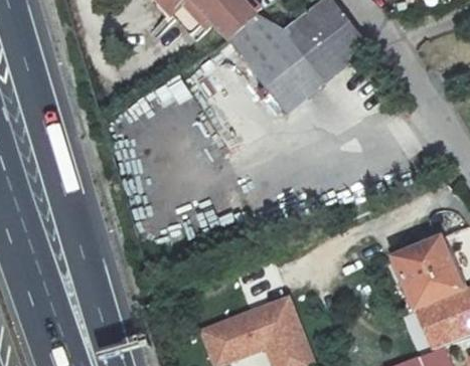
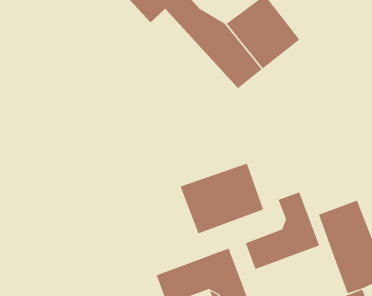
building: none -> [180,163,264,234]
building: none -> [245,191,320,270]

